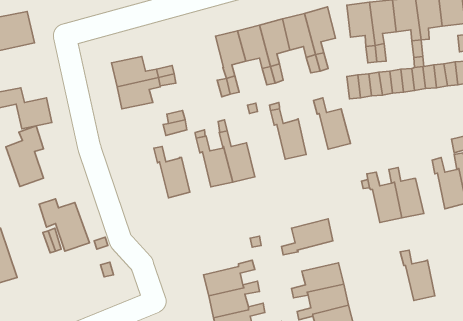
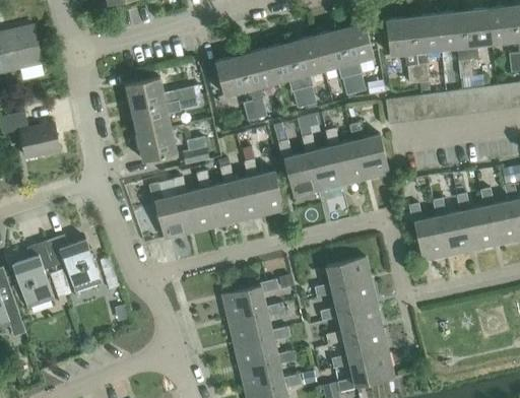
building: none -> [215,55,250,95]
building: none -> [137,128,177,160]
building: none -> [326,129,366,186]
building: none -> [278,141,318,197]
building: [6,126,44,186] -> [12,241,54,308]
building: none -> [197,171,236,227]
building: none -> [148,183,189,240]
building: none -> [222,279,278,319]
building: none -> [320,281,377,321]
building: [400,250,435,301] -> [456,195,495,251]

